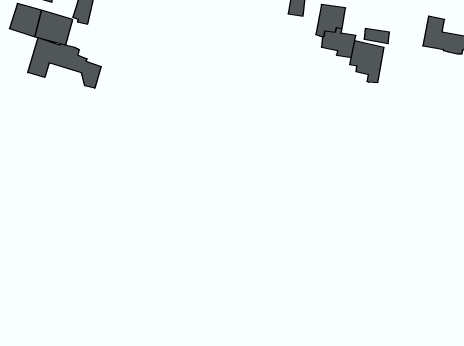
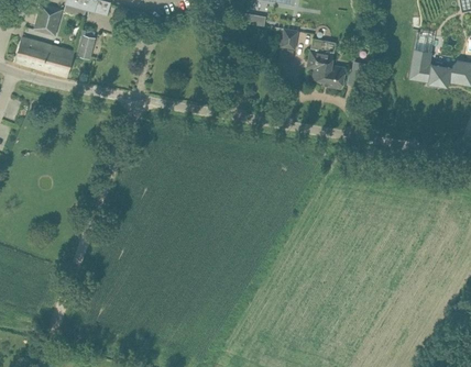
building: [28,38,101,88] -> none
building: [350,40,384,83] -> none

